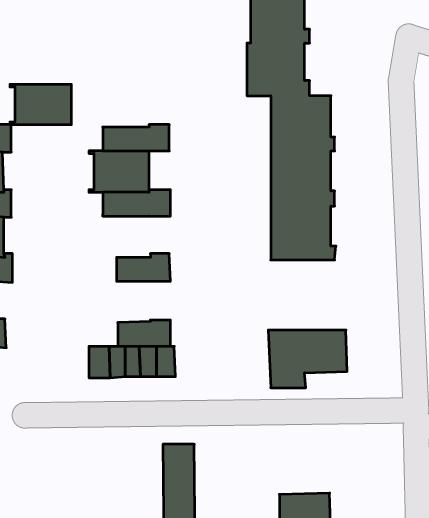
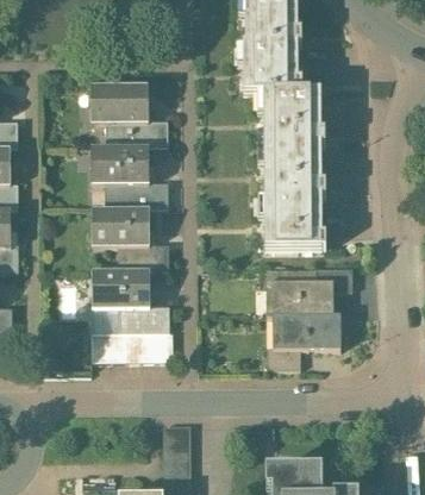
building: [10,84,71,125] -> [90,84,149,123]
building: none -> [92,207,150,246]
building: none -> [262,268,351,315]
building: none -> [92,269,150,308]

